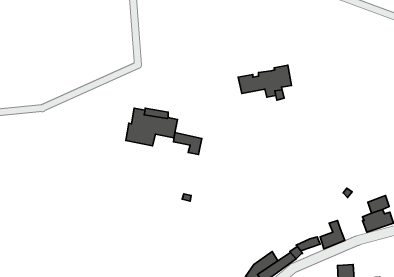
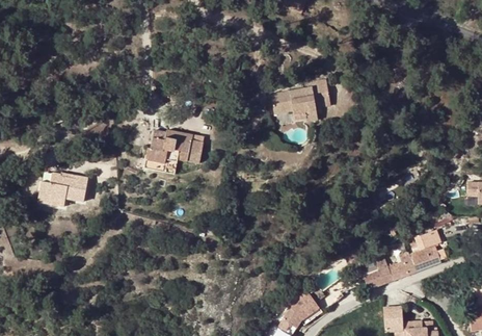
building: [174,132,202,154] -> none
building: none -> [37,172,87,206]
building: none -> [386,257,417,280]

